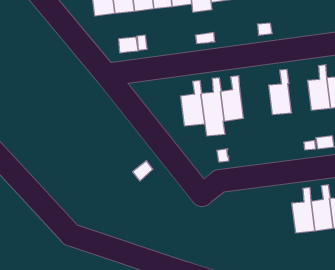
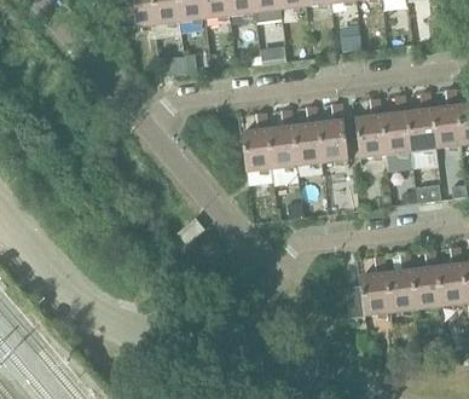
building: none -> [381,94,412,172]
building: none -> [318,103,348,162]
building: none -> [346,255,390,317]

